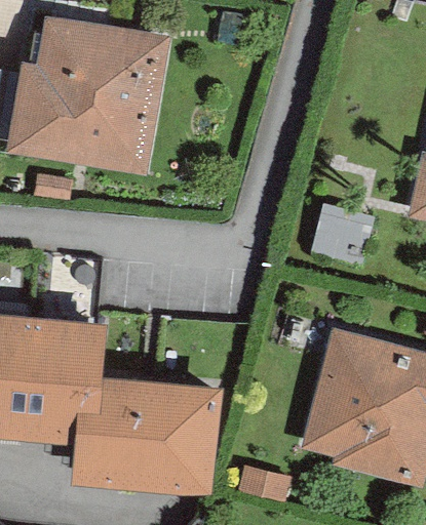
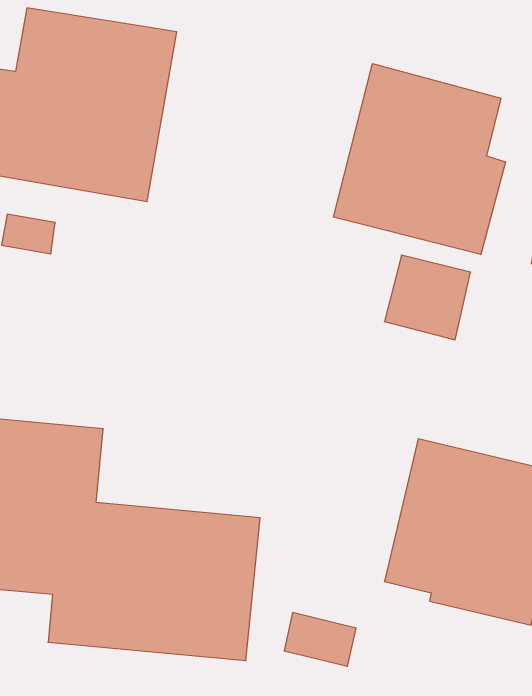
building: none -> [334,64,505,255]

